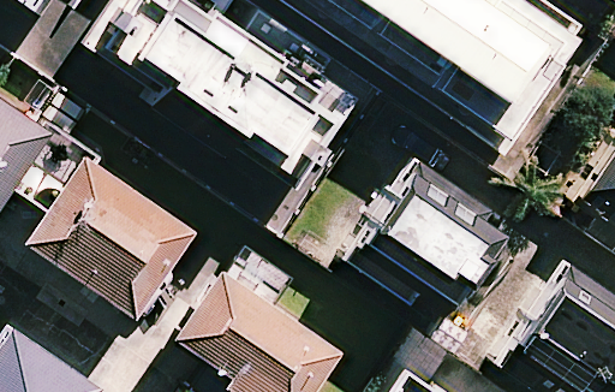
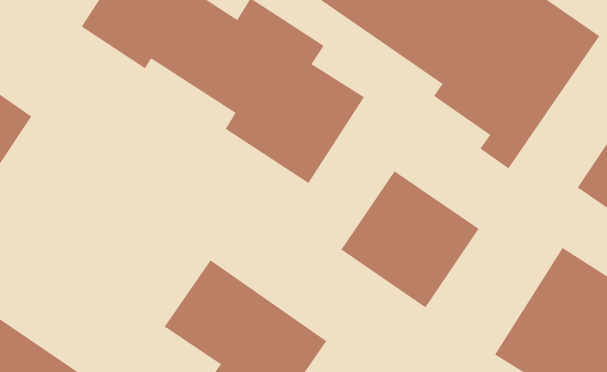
building: [25,155,191,314] -> none

